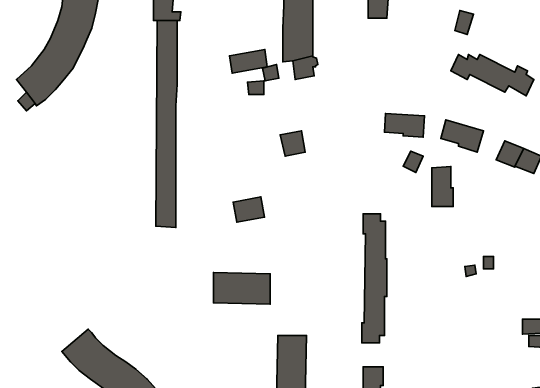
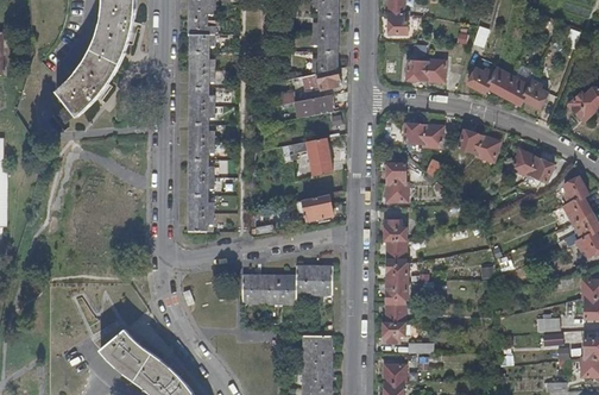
building: none -> [408,59,446,81]
building: [230,49,267,73] -> [298,95,334,118]
building: [432,166,453,207] -> [387,162,408,200]
building: [233,197,265,222] -> [303,197,333,221]
building: none -> [297,265,333,295]

